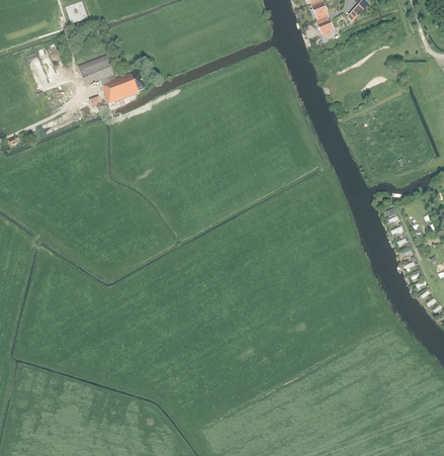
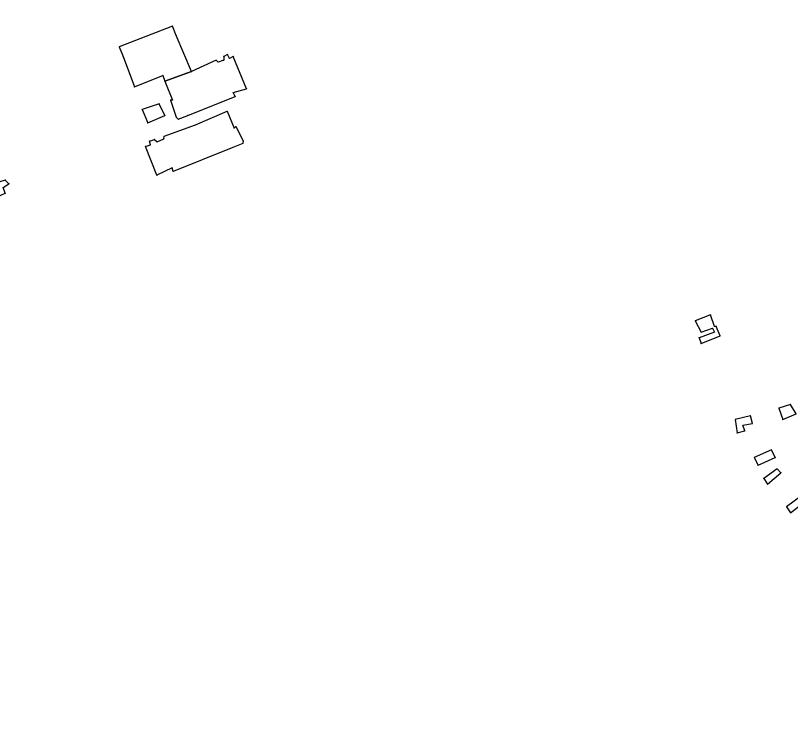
building: none -> [146,111,243,175]

